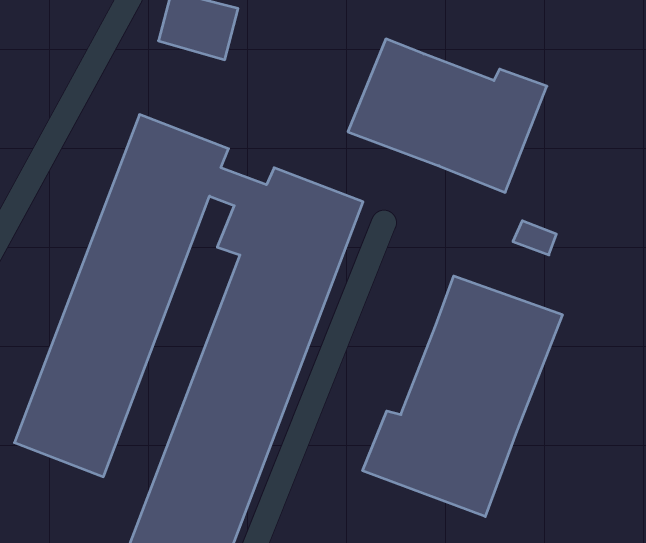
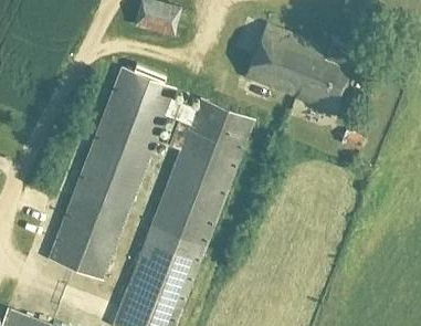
building: [363,276,562,517] -> none

